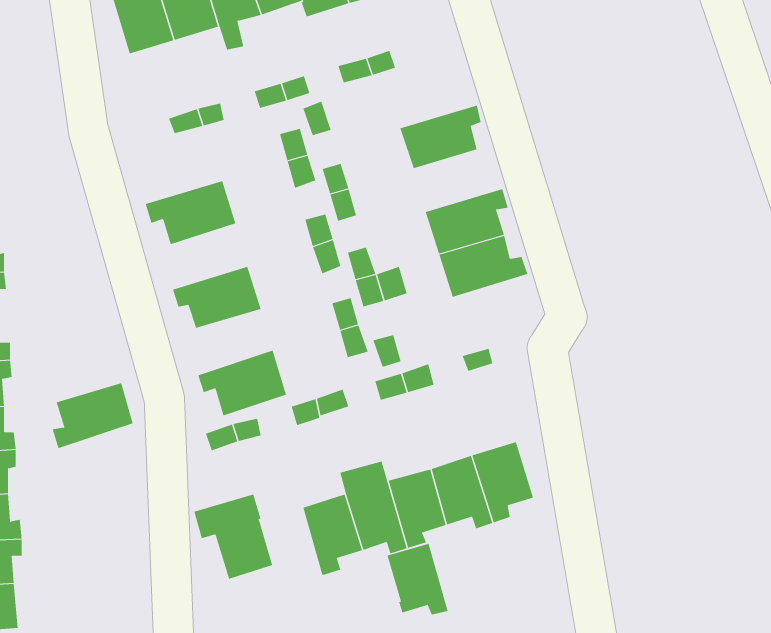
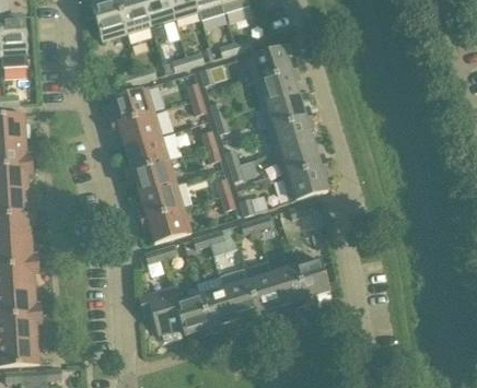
building: none -> [246,45,298,81]
building: none -> [108,86,154,124]
building: none -> [261,93,312,128]
building: none -> [123,134,168,172]
building: none -> [283,163,329,201]
building: [52,383,134,449] -> [137,183,183,220]
building: [386,543,449,615] -> [175,294,210,334]

